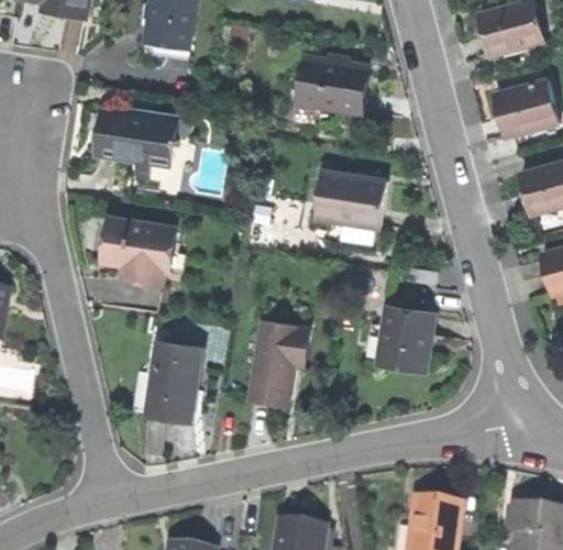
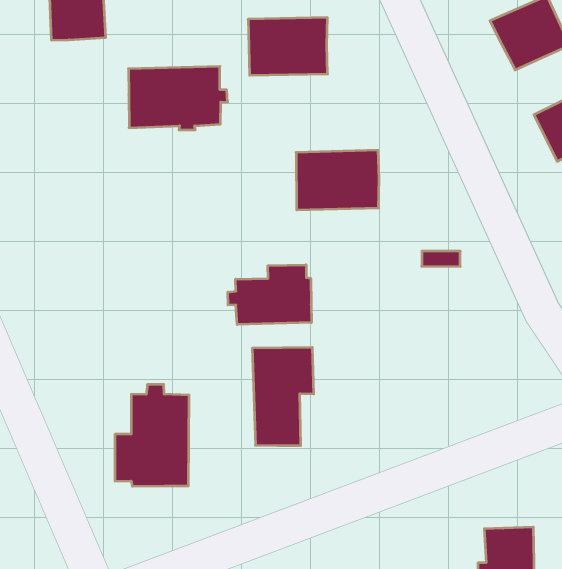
building: [93,110,177,168] -> [128,66,228,130]
building: [103,219,176,286] -> none
building: none -> [228,265,311,325]
building: [365,307,434,371] -> none

